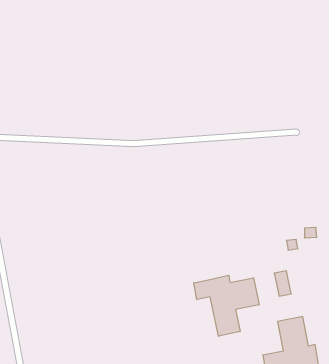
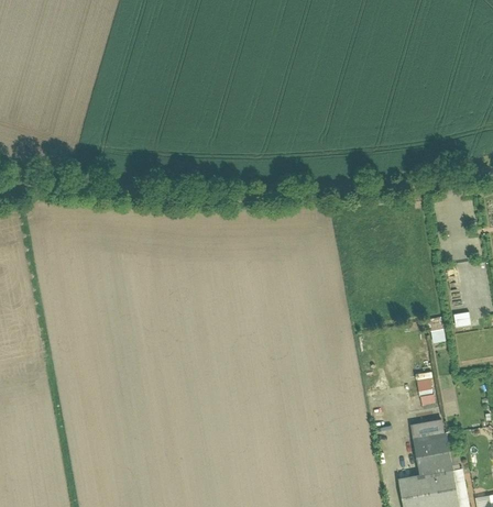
building: [194,275,259,336] -> none

